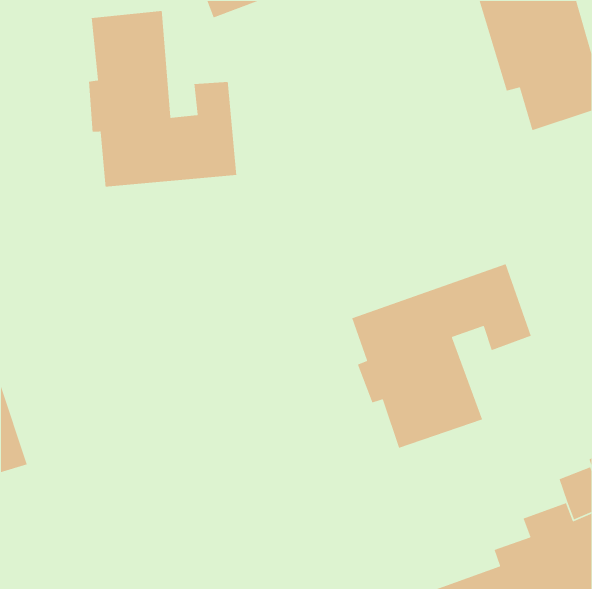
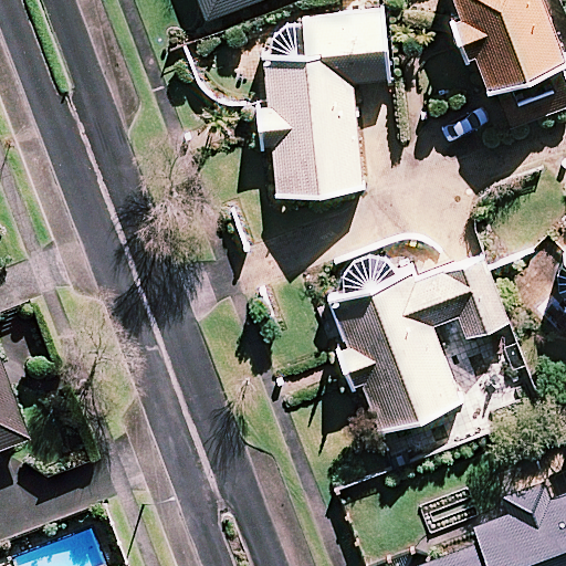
building: none -> [259,12,391,196]
building: [88,10,237,188] -> none

